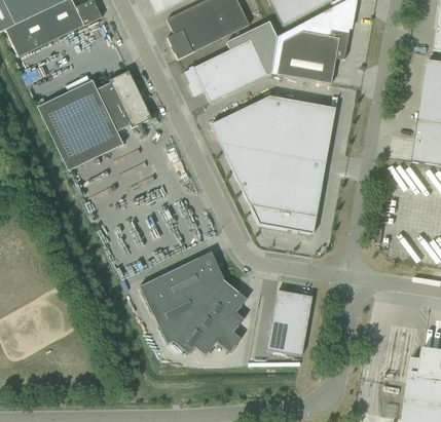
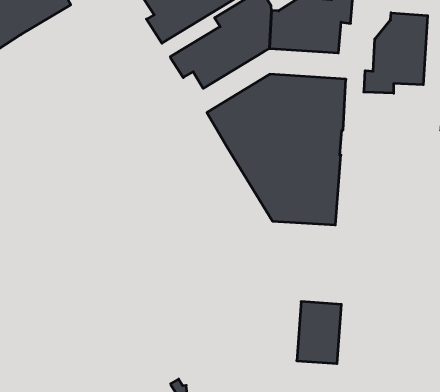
building: none -> [364,13,428,93]
building: [37,70,151,170] -> none
building: [139,251,247,354] -> none

